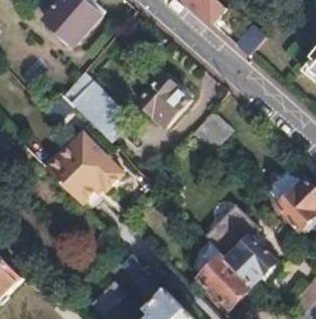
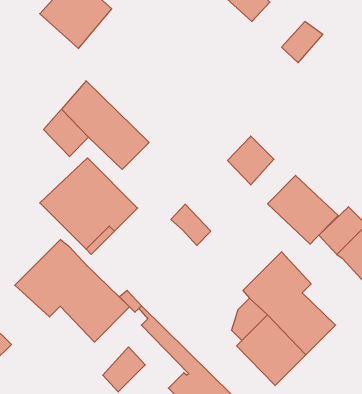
building: [138,75,192,128] -> none
building: none -> [268,175,338,244]
building: none -> [15,239,130,342]

